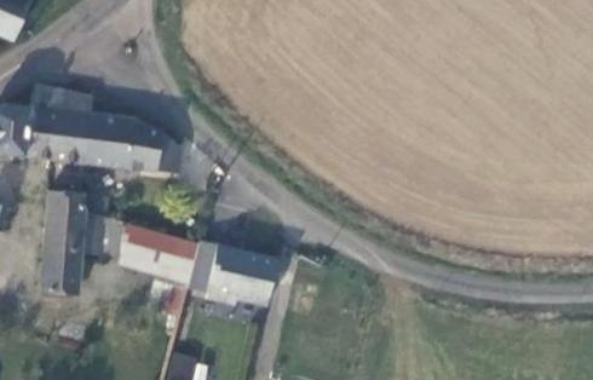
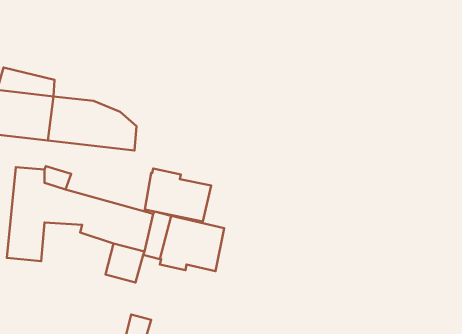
building: none -> [145,169,211,222]

